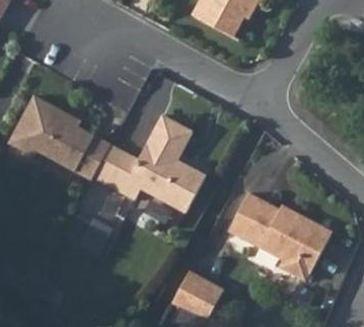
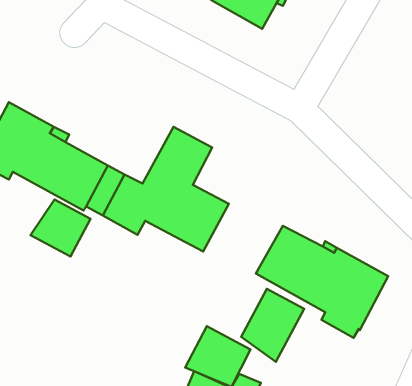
building: none -> [30,199,90,256]
building: none -> [241,289,304,362]

